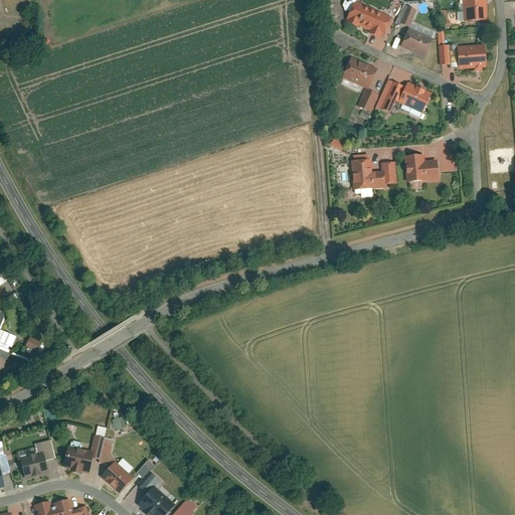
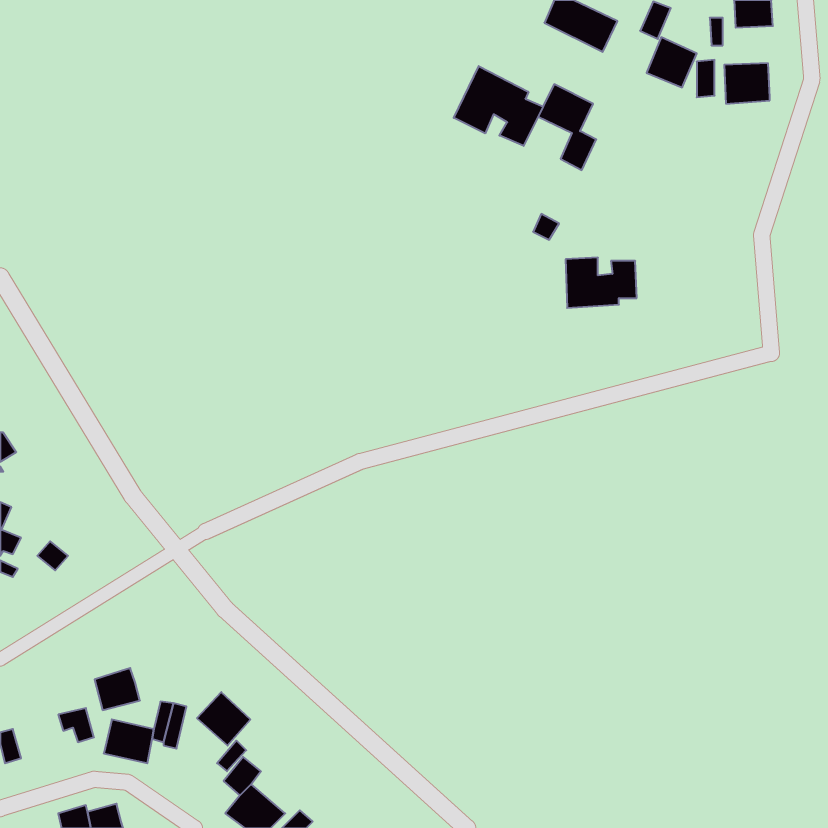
building: none -> [454,66,543,146]
building: [373,74,425,107] -> none
building: [401,155,440,187] -> none
building: [23,452,51,478] -> [95,668,140,710]
building: [103,462,136,495] -> [197,692,250,746]

